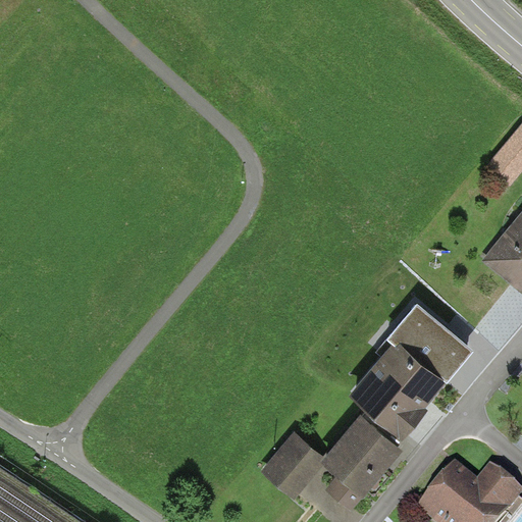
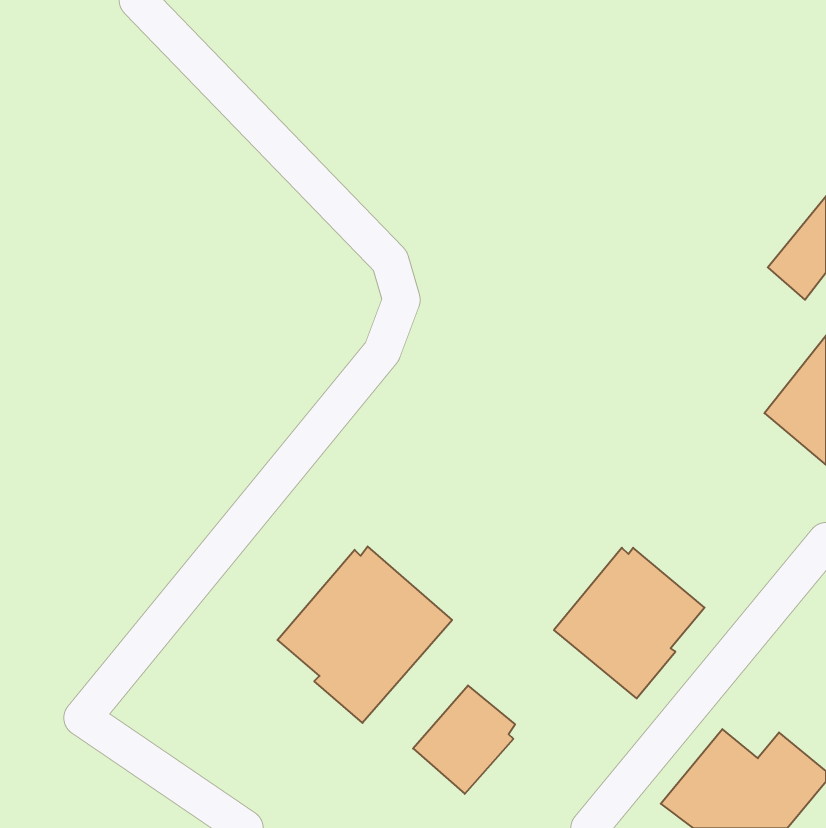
building: [385,304,474,385] -> none
building: none -> [277,546,452,723]
building: [320,414,404,512] -> none

